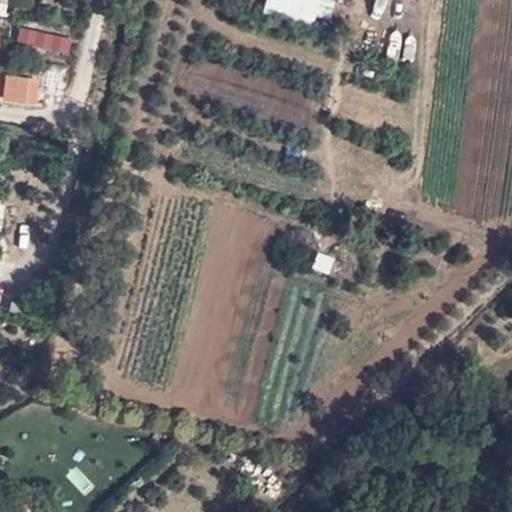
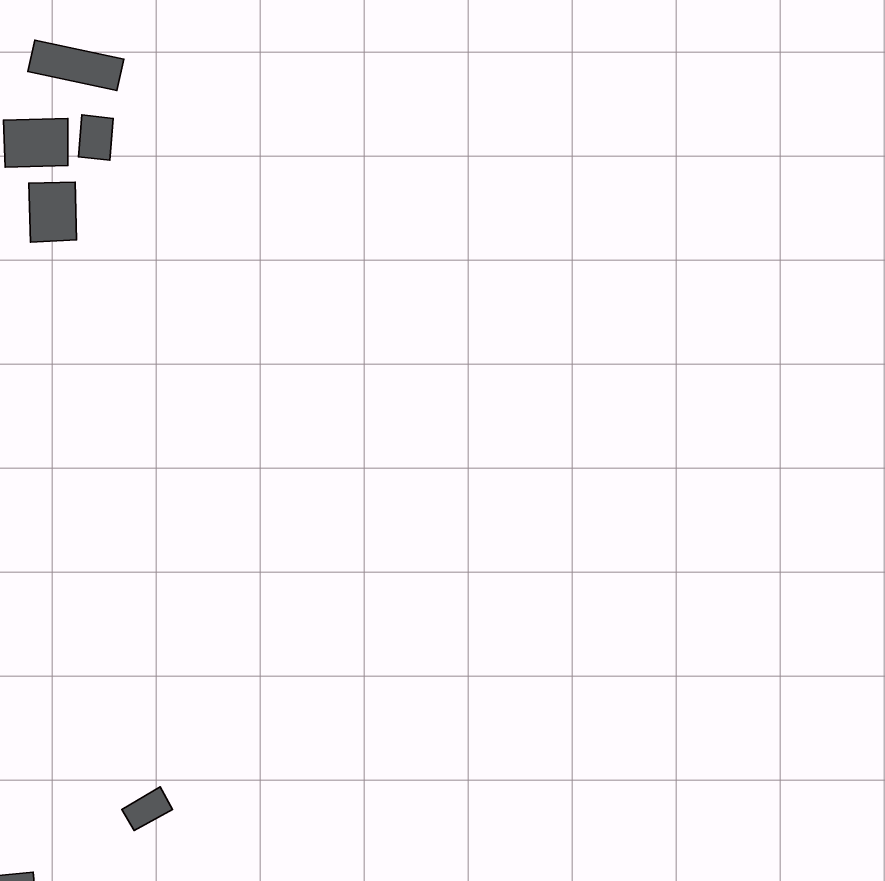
building: none -> [29,182,77,242]

